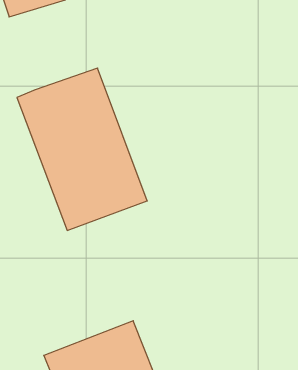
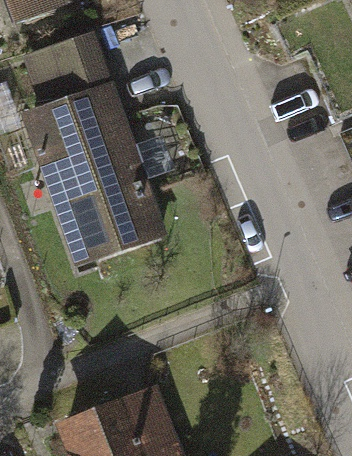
building: none -> [23,31,113,108]

